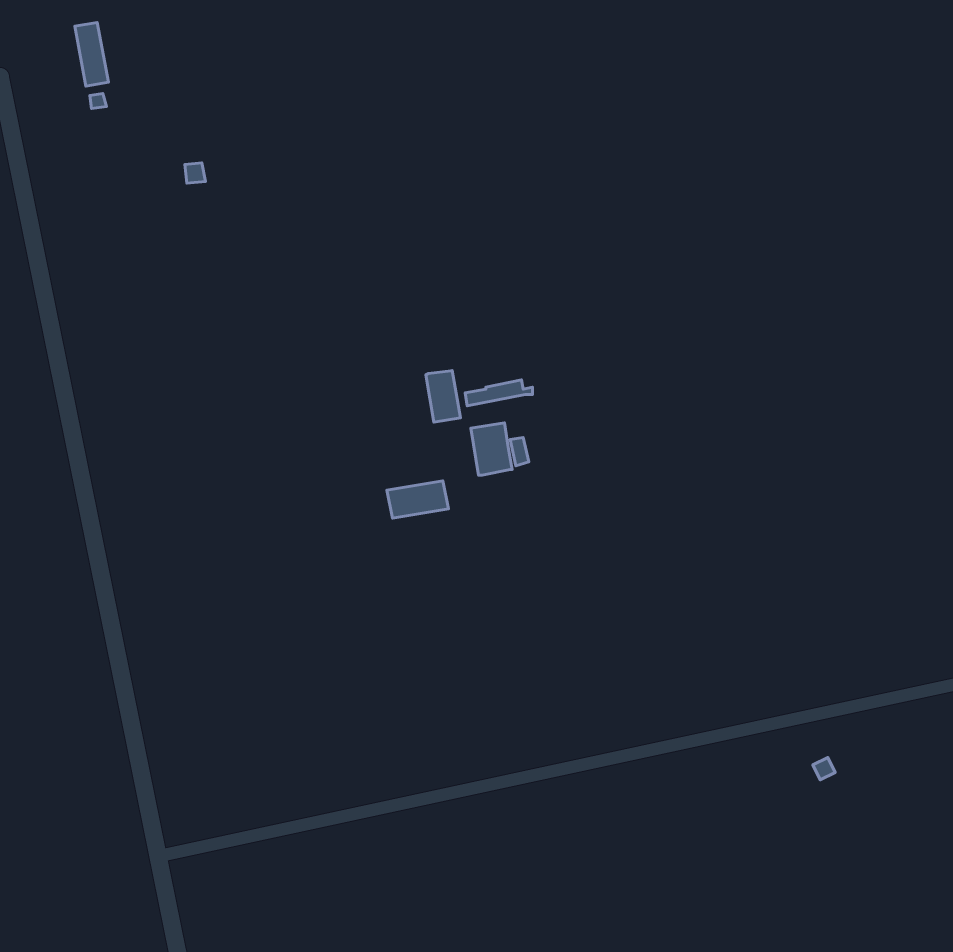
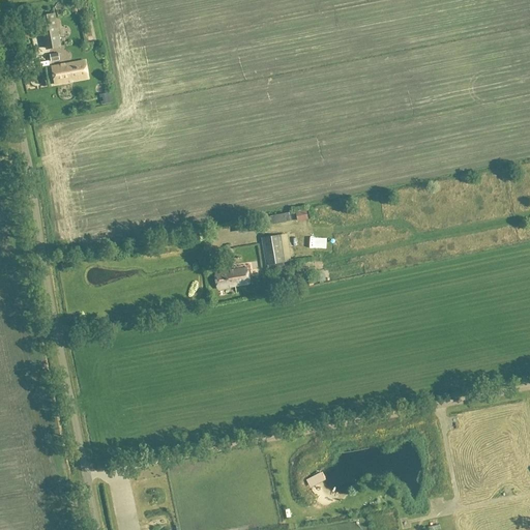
building: none -> [52,59,89,83]
building: [426,370,460,422] -> none

